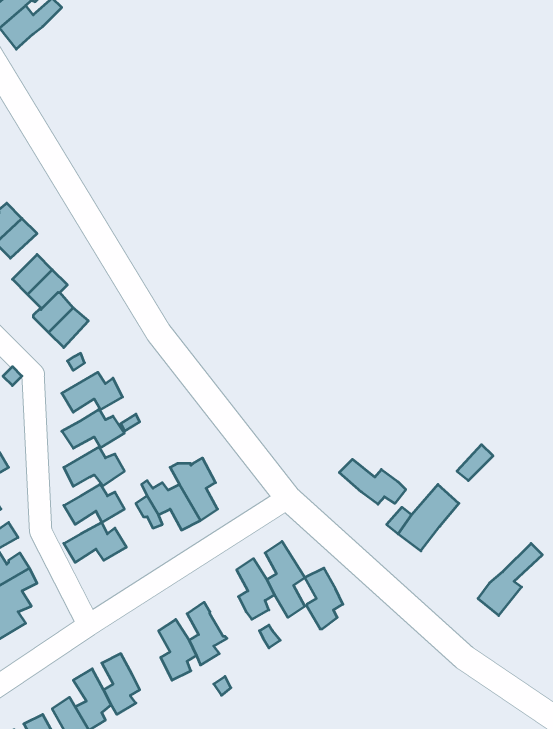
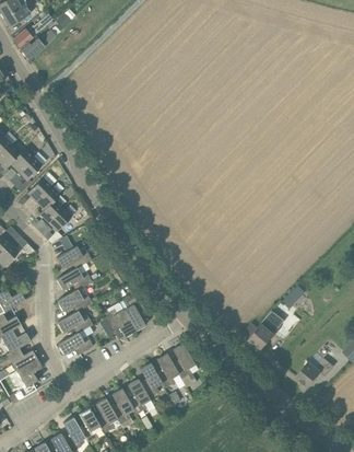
building: [339,459,406,504] -> none
building: [305,568,343,629] -> [140,362,162,397]
building: none -> [95,397,117,432]

